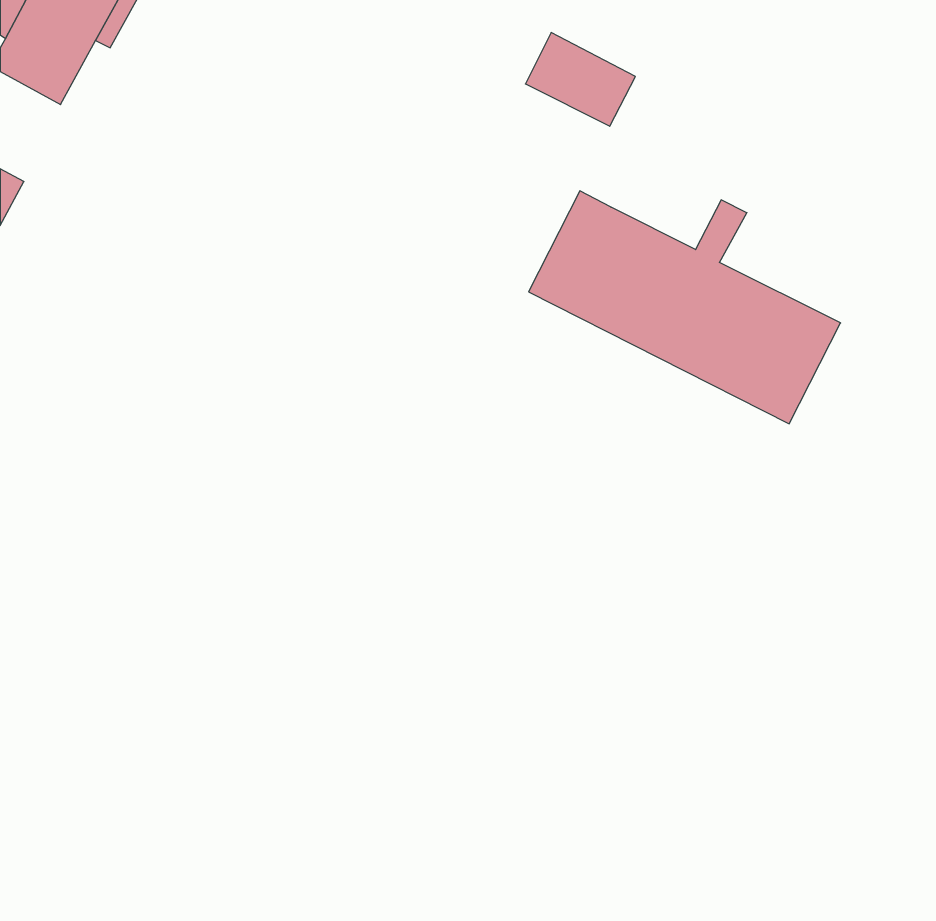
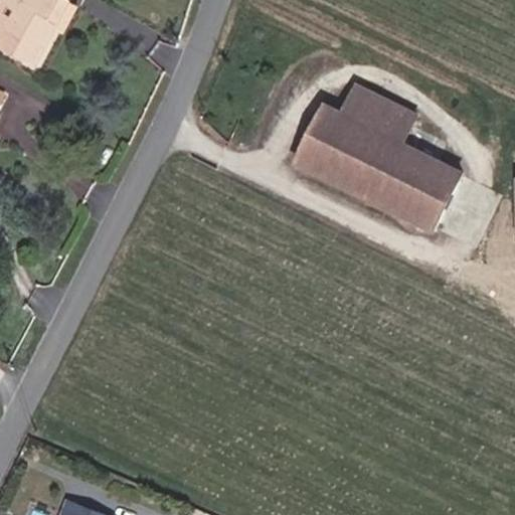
building: [525,33,635,126] -> [336,85,396,137]

